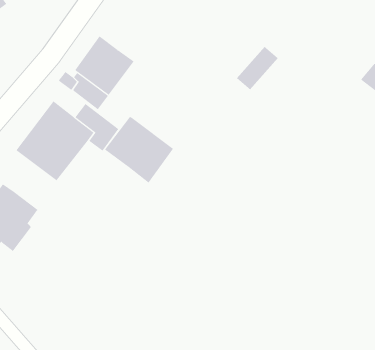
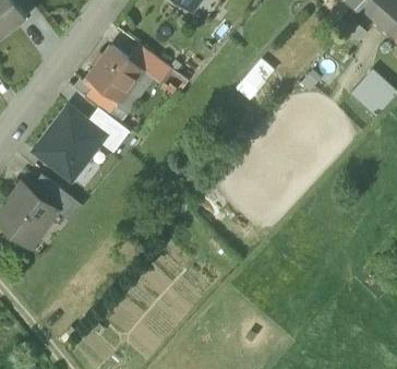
building: none -> [129,45,170,83]
building: [104,116,174,183] -> none
building: none -> [33,176,75,215]

